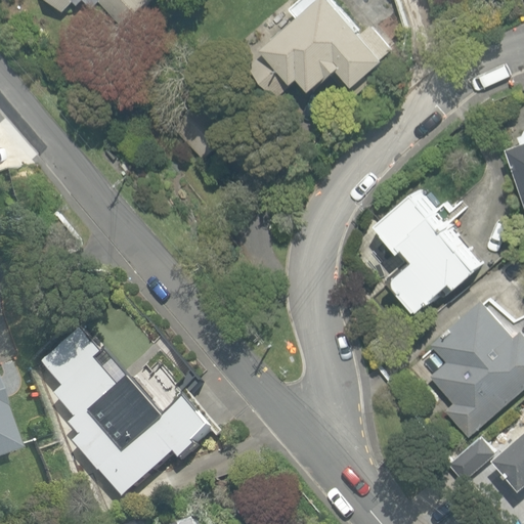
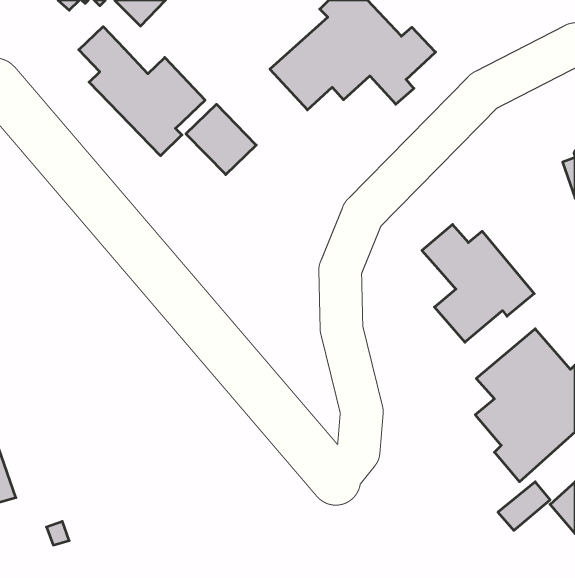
building: none -> [79,27,205,156]
building: [40,328,213,500] -> none

